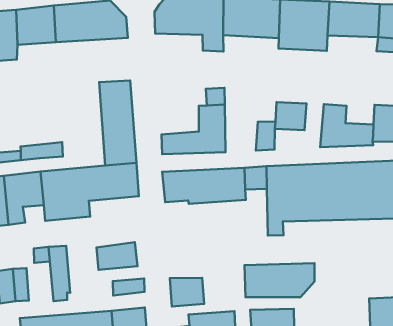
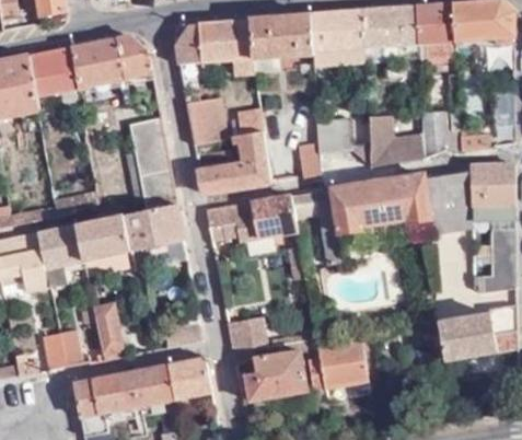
building: none -> [187,95,225,142]
building: [96,242,138,270] -> none
building: [245,263,314,297] -> none

